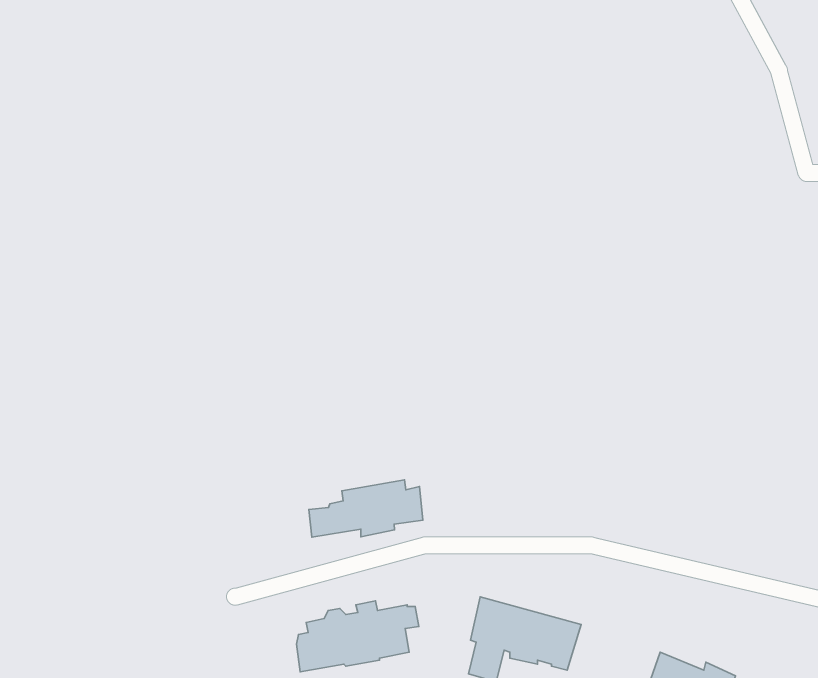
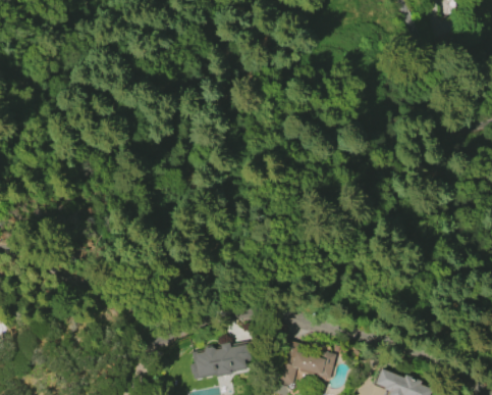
building: [309,480,423,537] -> none

